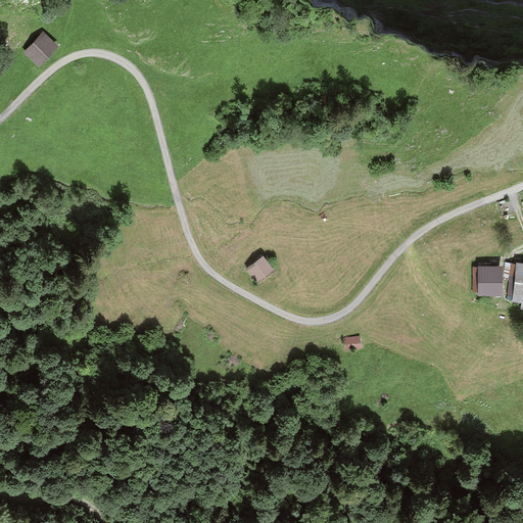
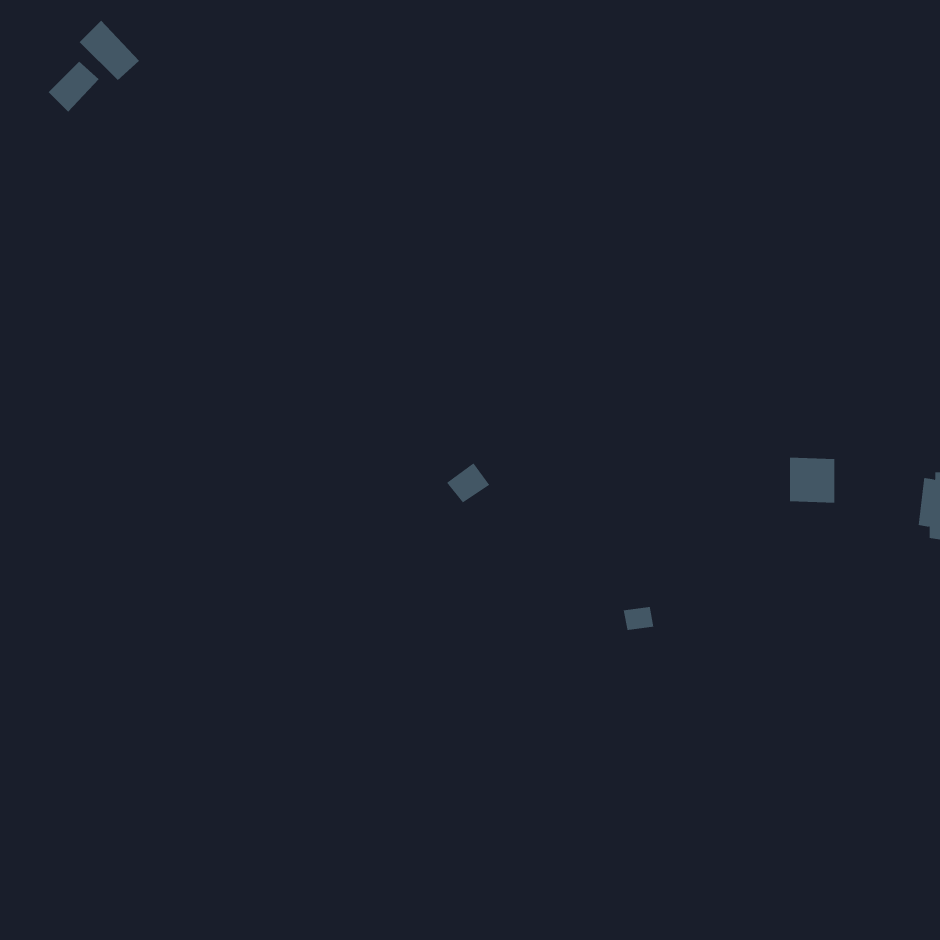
building: none -> [79,20,140,81]
building: [474,267,500,292] -> [789,457,835,503]

